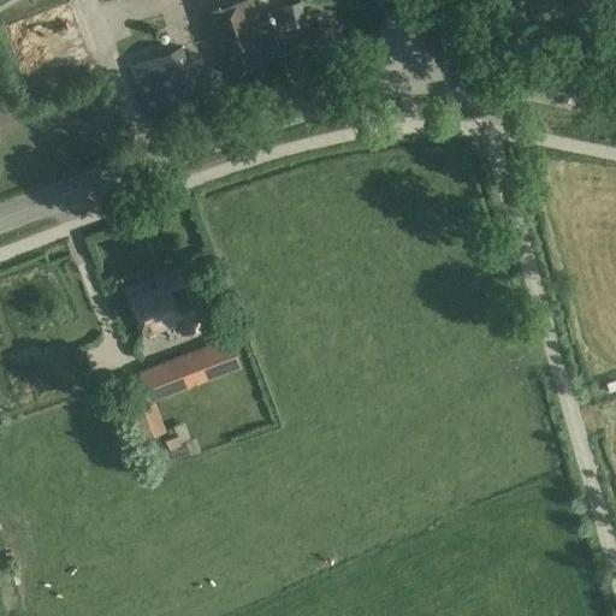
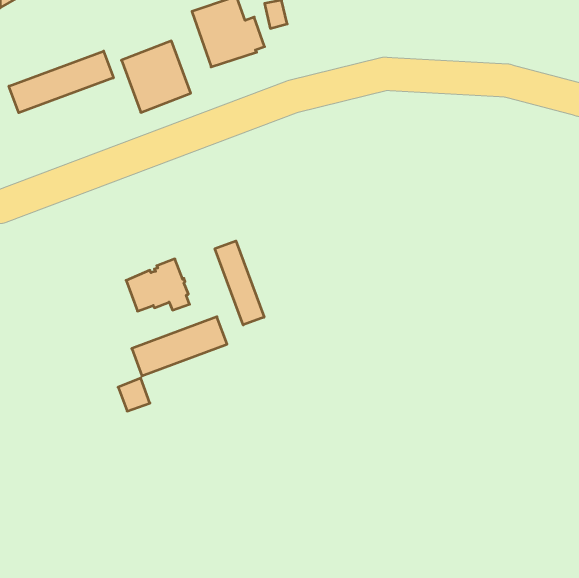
building: none -> [9,51,113,113]
building: none -> [215,241,264,325]

